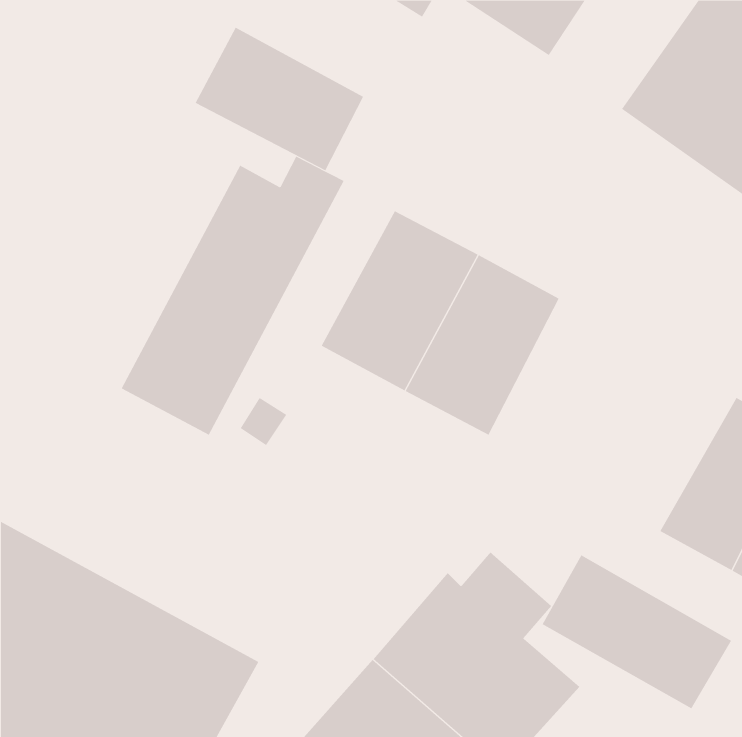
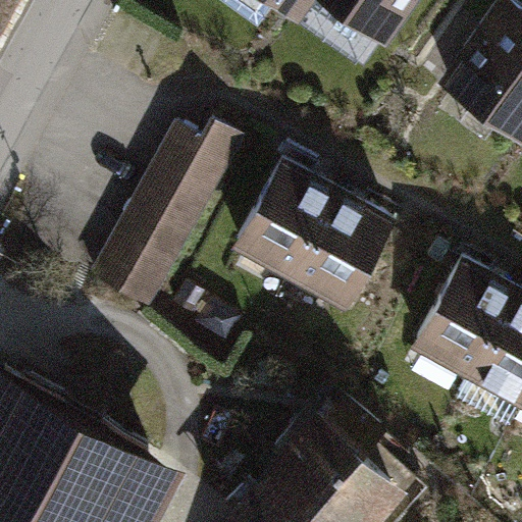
building: [195,27,364,171] -> none
building: none -> [412,256,517,378]
building: [542,554,732,709] -> none

